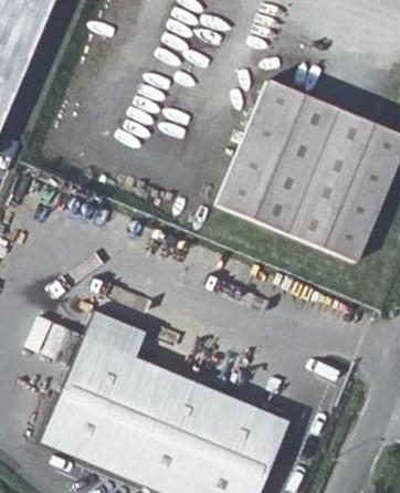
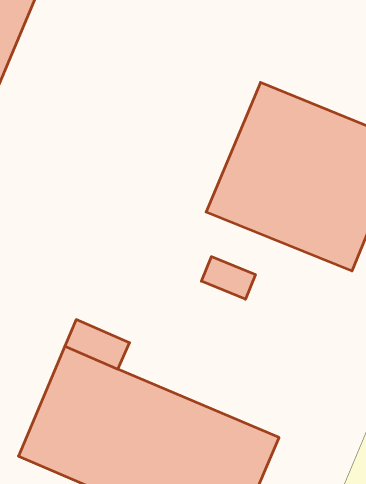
building: none -> [201,257,255,299]

